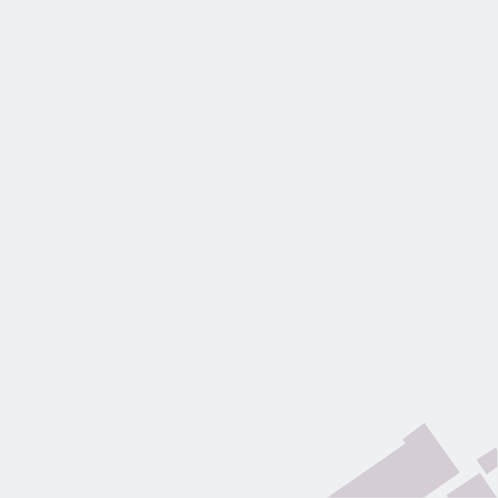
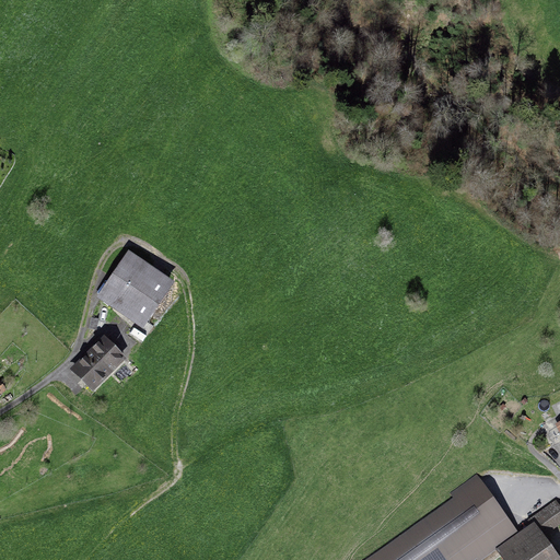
building: none -> [98,252,175,328]
building: none -> [71,337,128,393]

